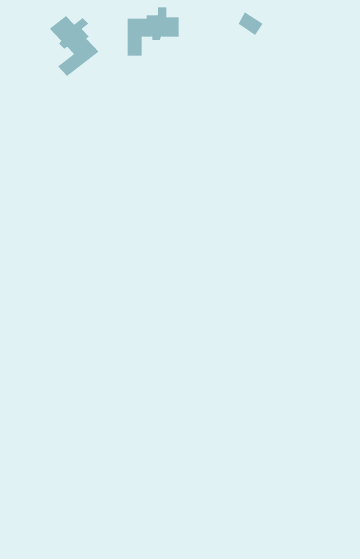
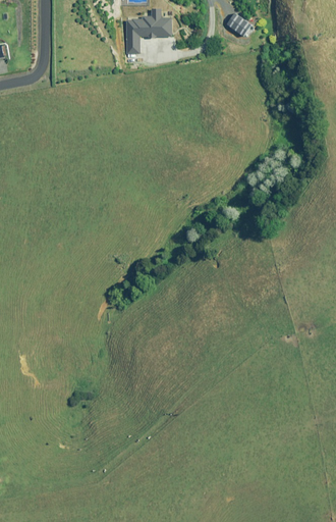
building: [49,15,100,77] -> none

